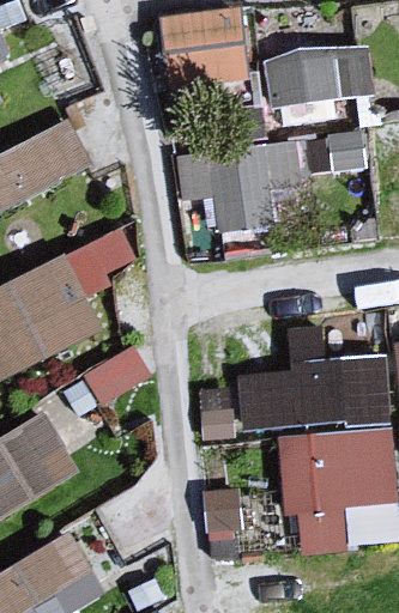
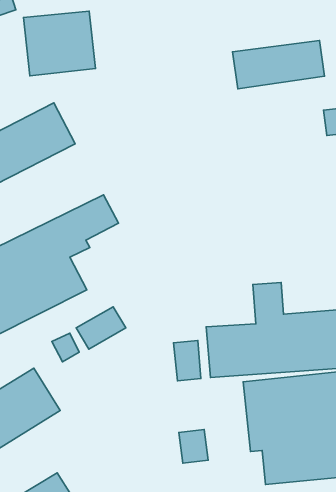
building: [164,12,246,85] -> [23,11,95,76]
building: [176,134,361,232] -> none

